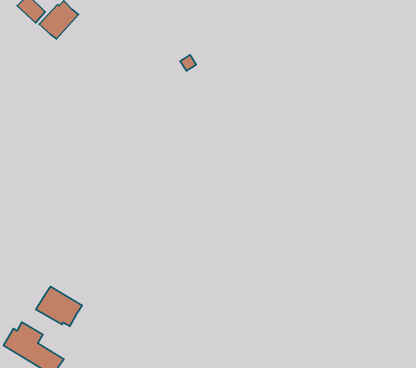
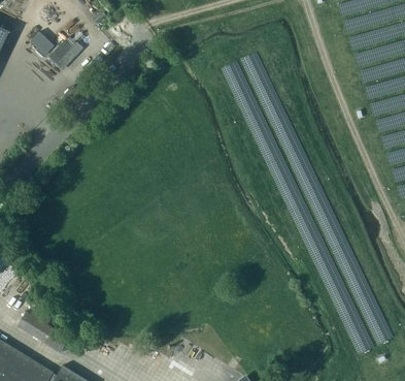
building: [36,287,82,326] -> none

